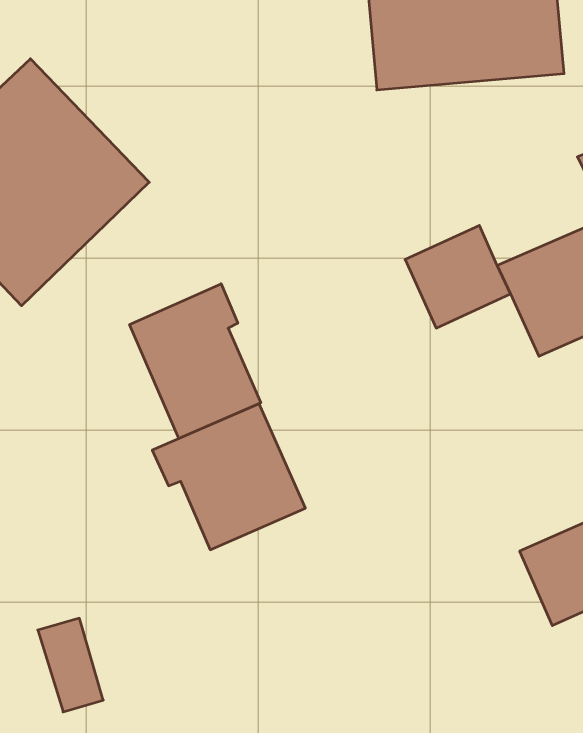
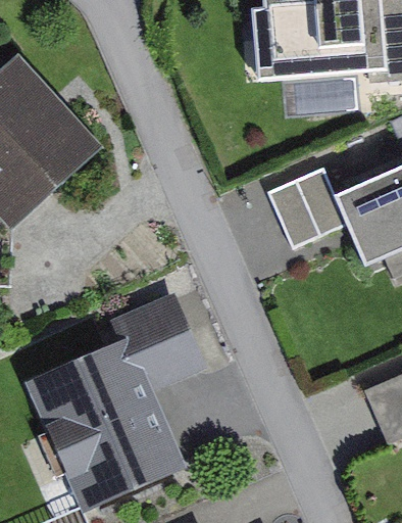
building: [130,284,261,439] -> none
building: none -> [34,346,181,510]

